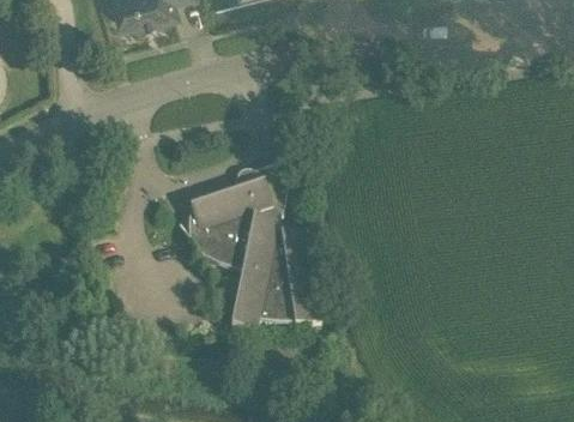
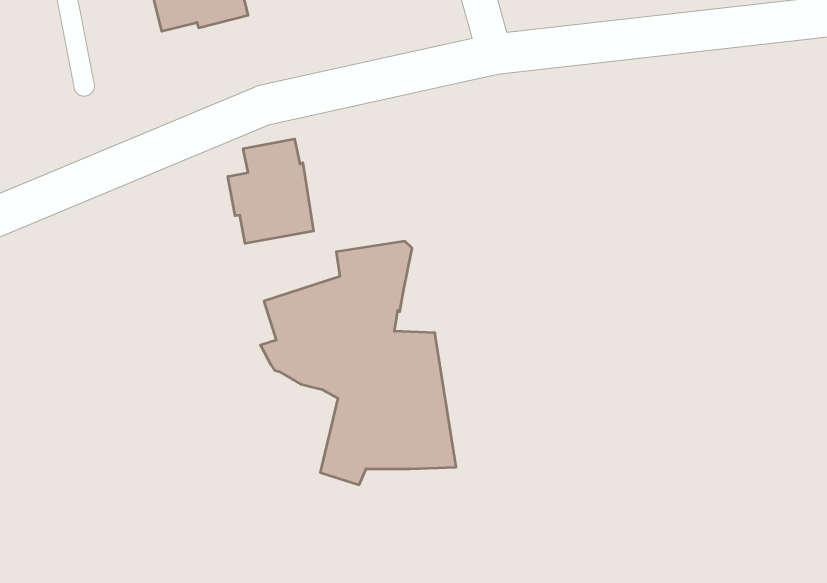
building: none -> [228,139,314,243]

